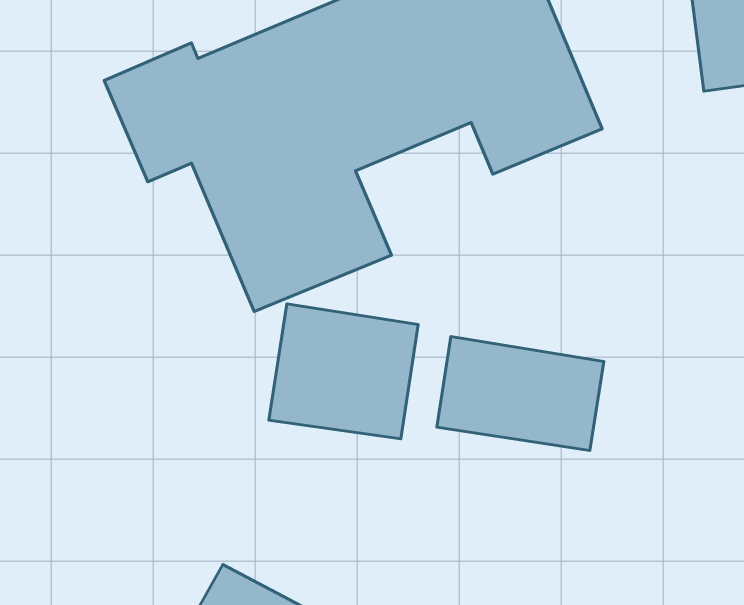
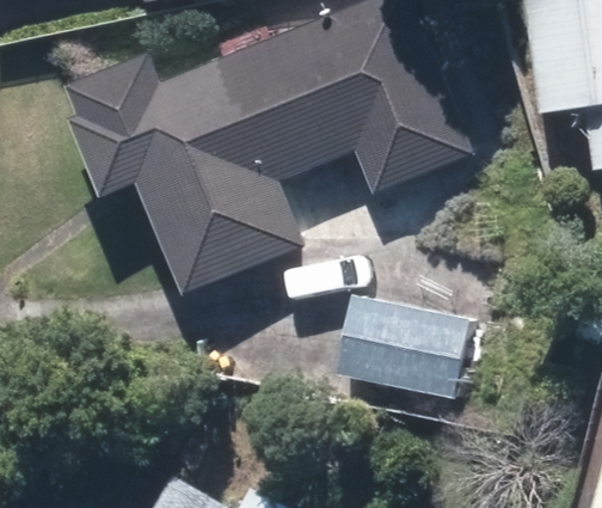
building: [269,304,418,439] -> none

